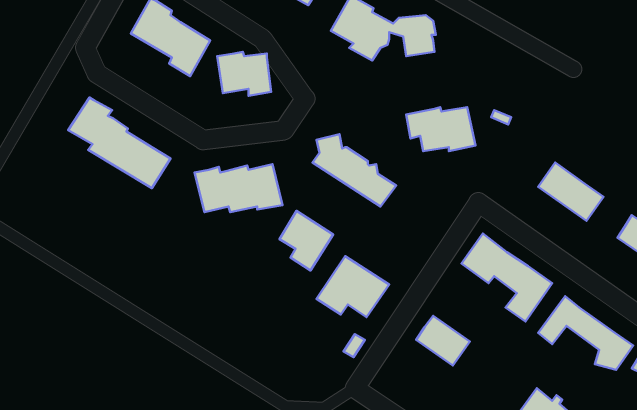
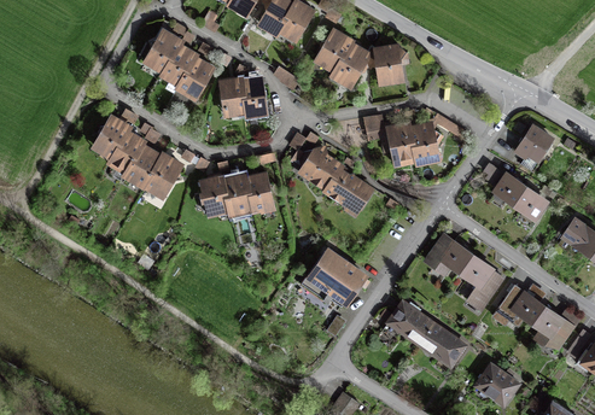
building: none -> [517,129,552,165]
building: [280,211,333,270] -> none
building: none -> [419,323,463,366]

